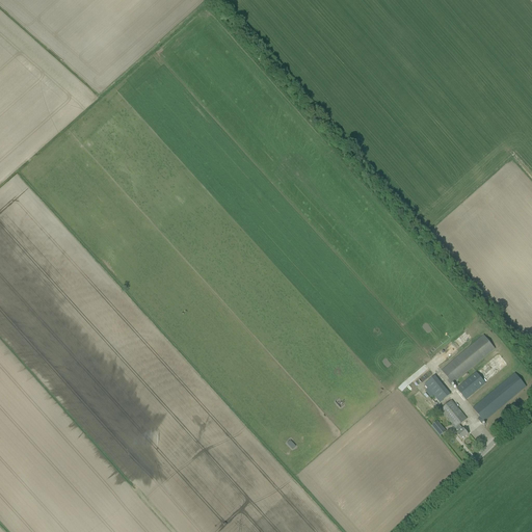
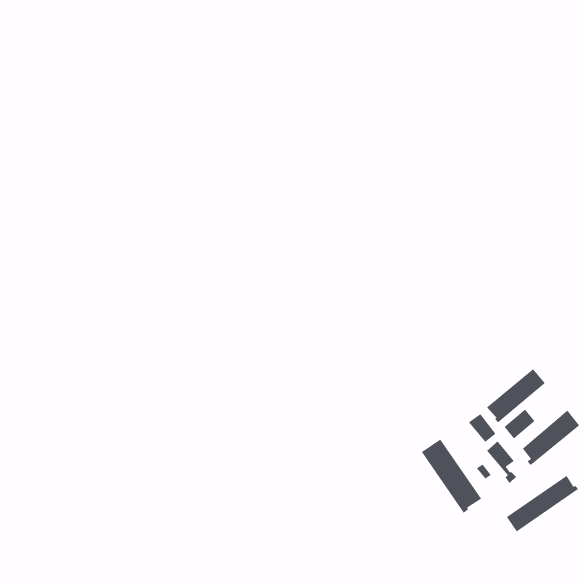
building: none -> [421,439,482,514]
building: none -> [506,475,579,532]

